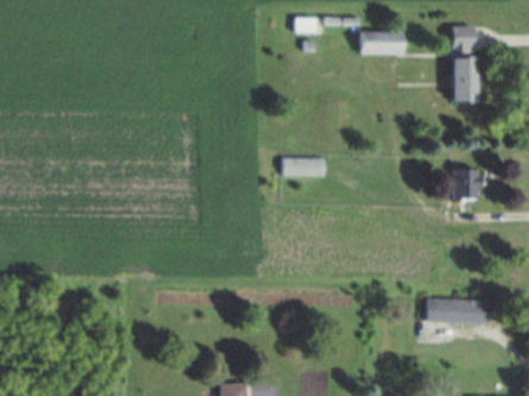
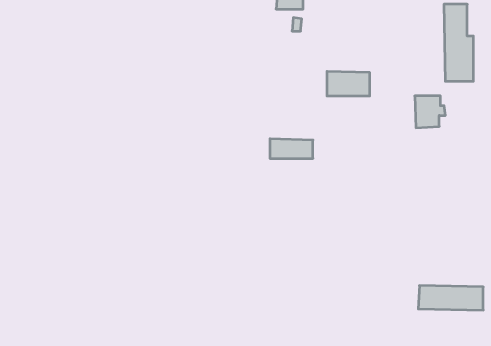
building: [360,30,402,54] -> [327,71,370,96]
building: [453,169,483,200] -> [415,96,445,128]

